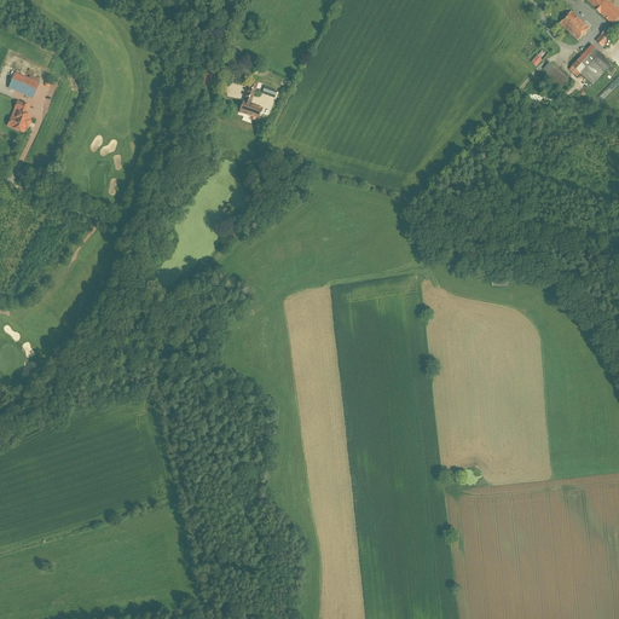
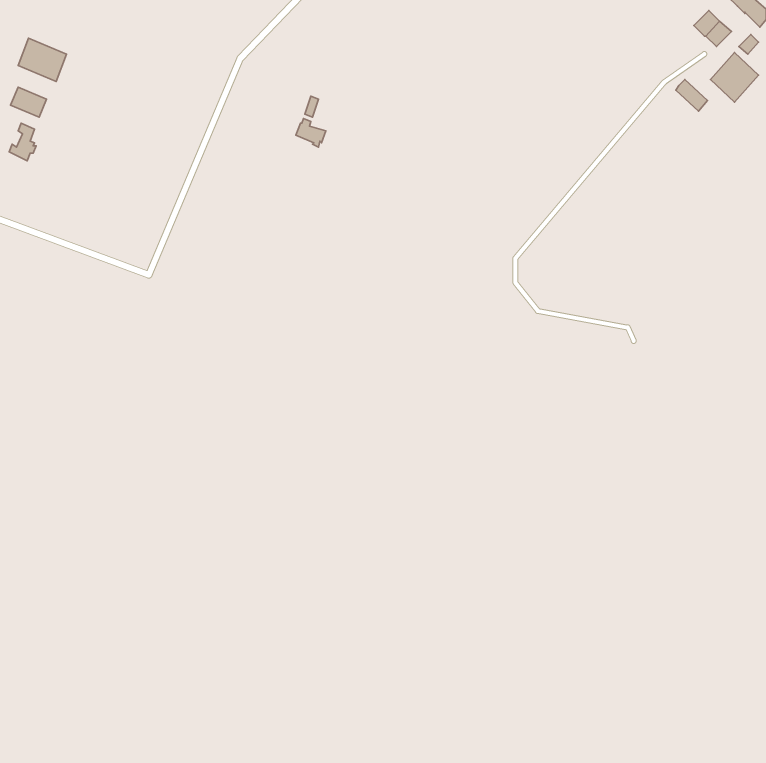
building: none -> [18,38,67,81]

